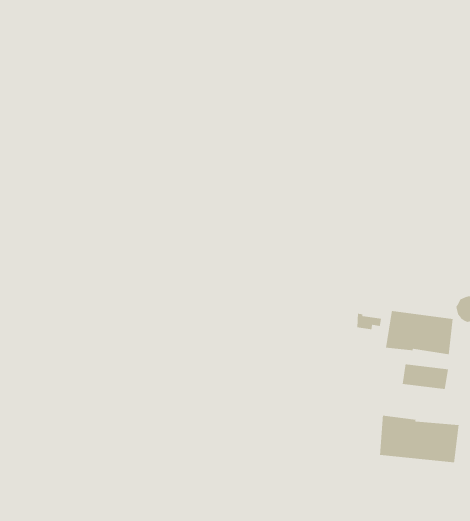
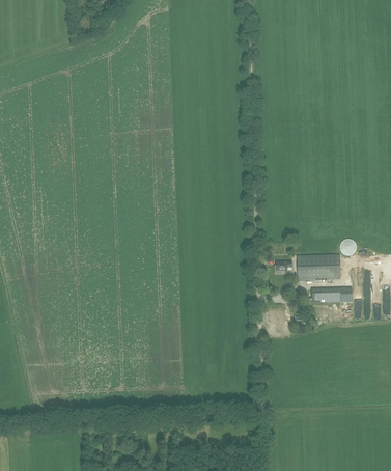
building: [379,415,459,463] -> none

